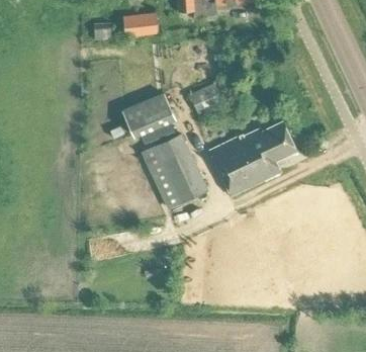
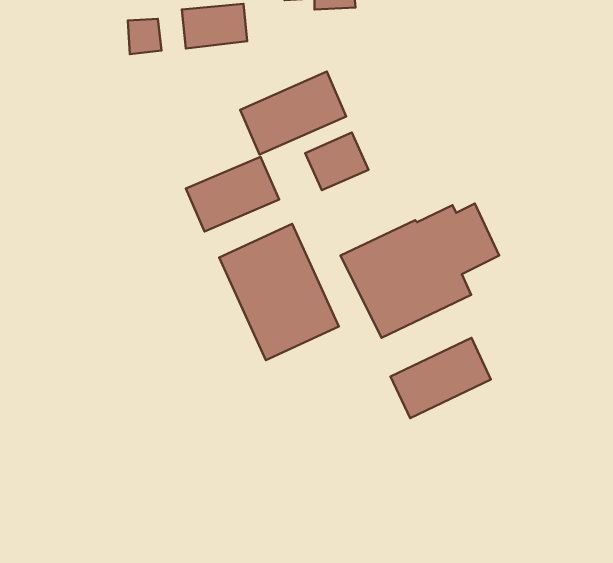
building: none -> [240,72,346,155]
building: none -> [391,338,491,418]

